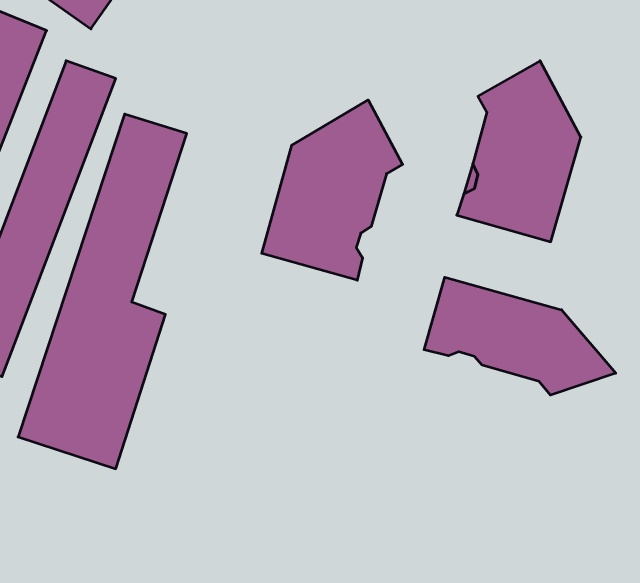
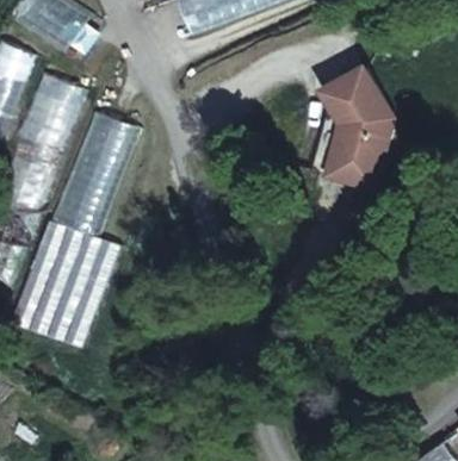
building: [262,100,403,280] -> none
building: [424,277,616,395] -> none

